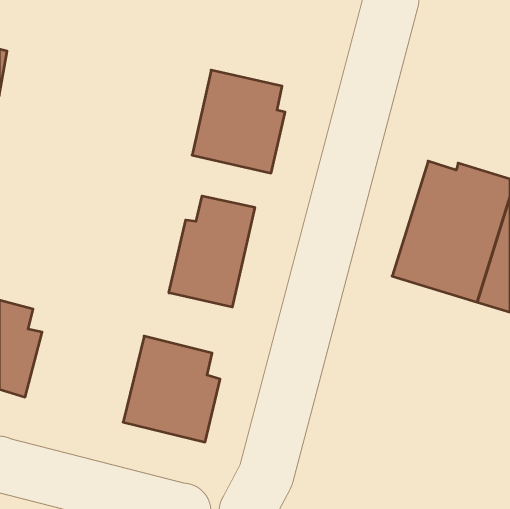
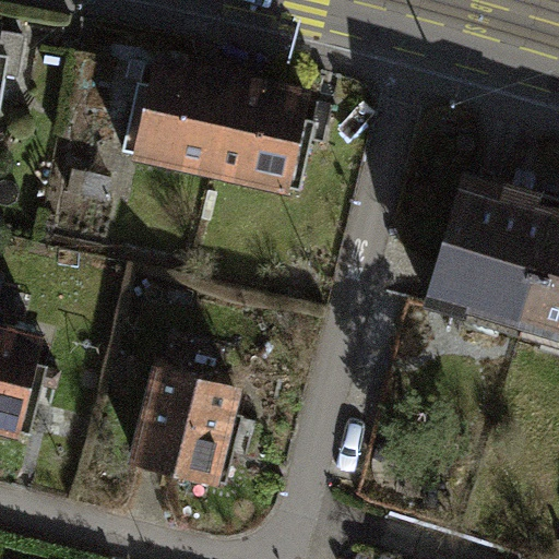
building: none -> [118,61,230,171]
building: [169,196,255,307] -> none

